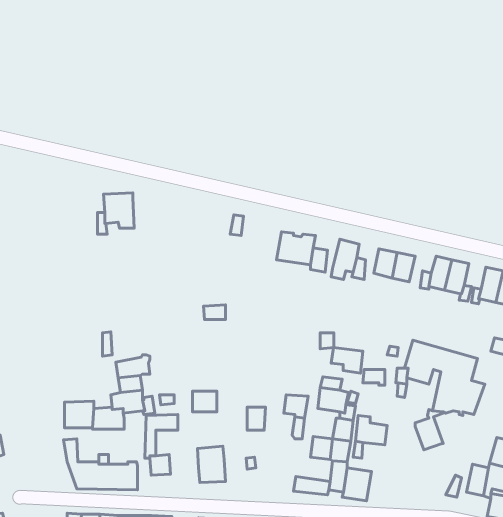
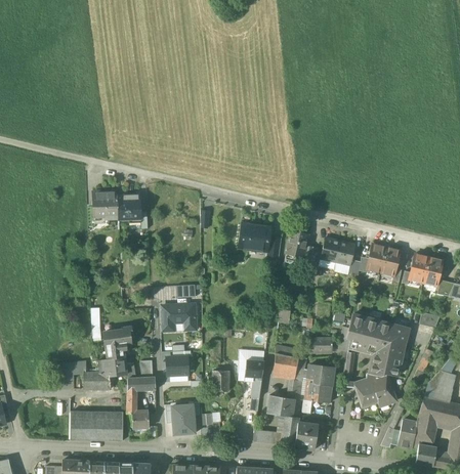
building: none -> [118,193,142,222]
building: none -> [163,304,197,331]
building: [331,348,363,373] -> [307,364,334,386]
building: none -> [371,374,396,406]

